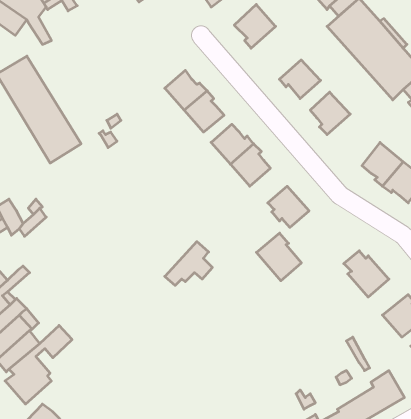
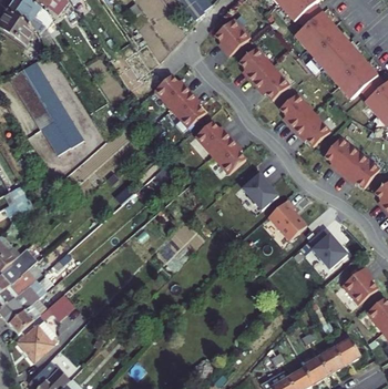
building: none -> [238,47,272,82]
building: none -> [294,112,330,146]
building: [256,233,301,281] -> [267,199,306,240]

